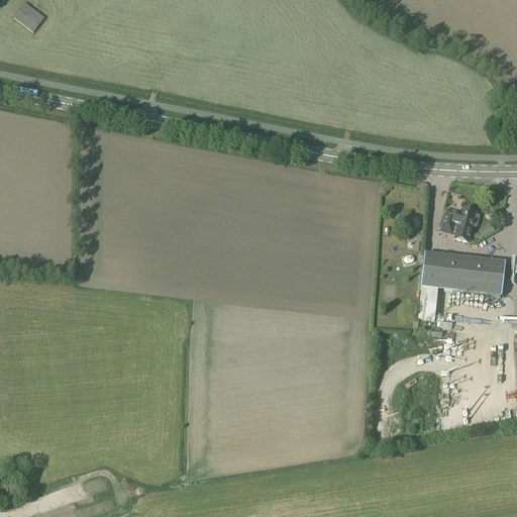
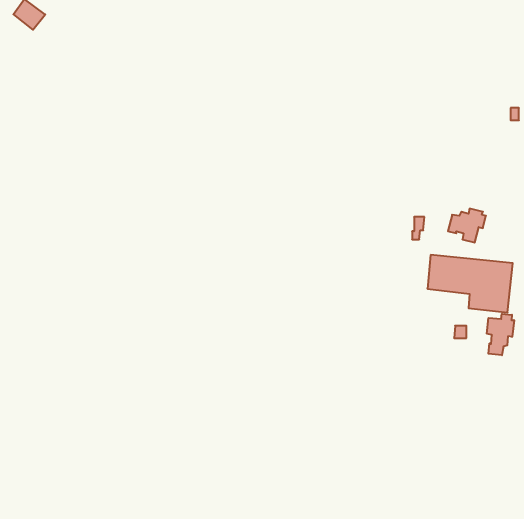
building: none -> [487,314,514,355]

